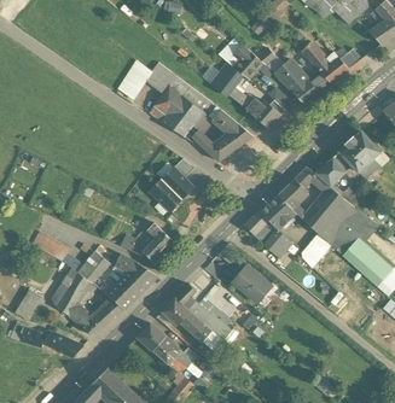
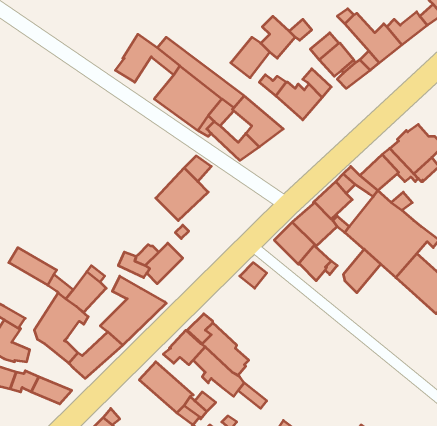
building: [233,265,271,303] -> none

